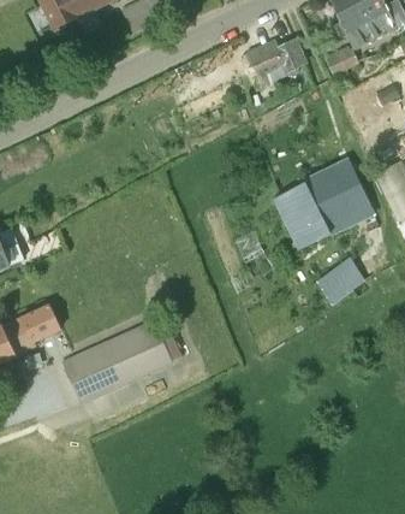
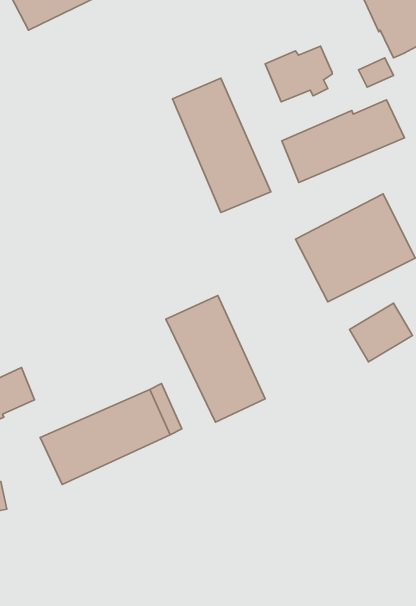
building: none -> [173,78,271,213]
building: none -> [282,100,405,183]
building: none -> [166,296,265,422]

